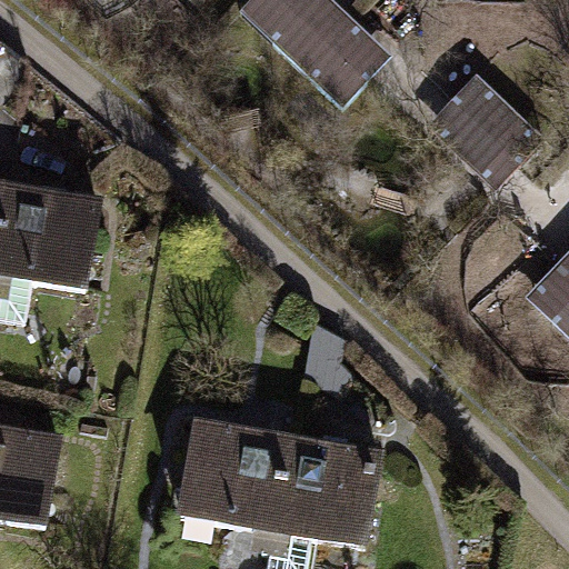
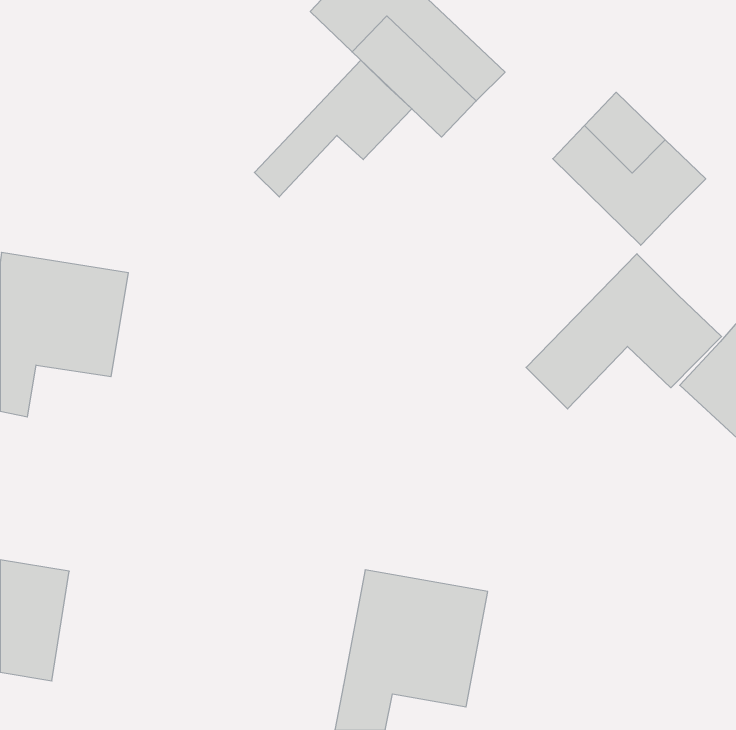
building: none -> [254,60,412,197]
building: none -> [526,254,722,409]
building: [173,422,282,528] -> none

